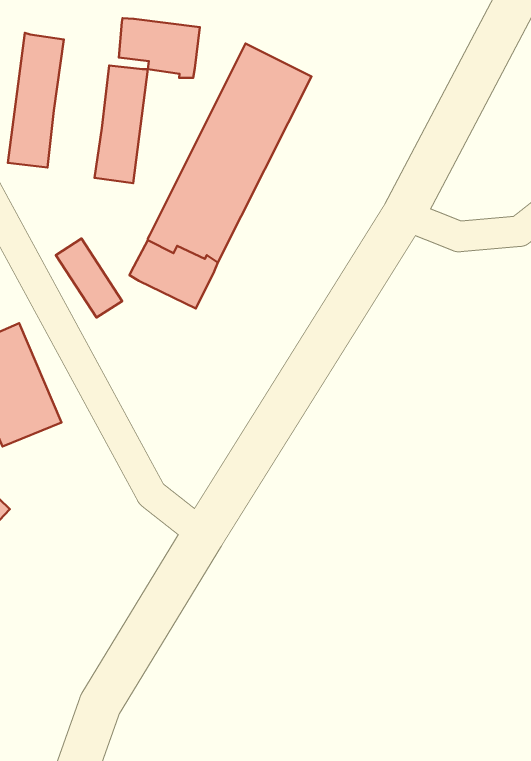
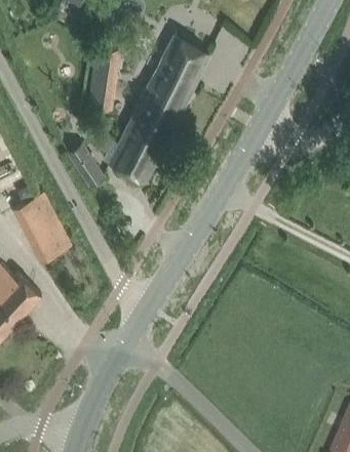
building: [119,18,200,78] -> none
building: [8,33,64,167] -> none

